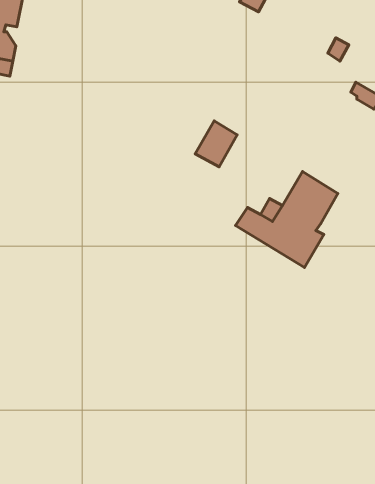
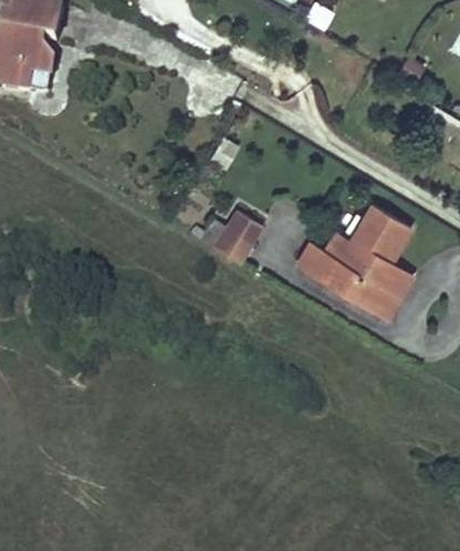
building: [195,121,237,167] -> [216,210,262,260]
building: none -> [372,261,412,317]

